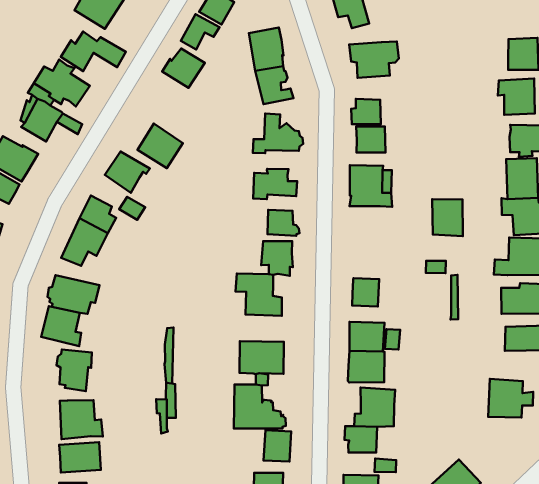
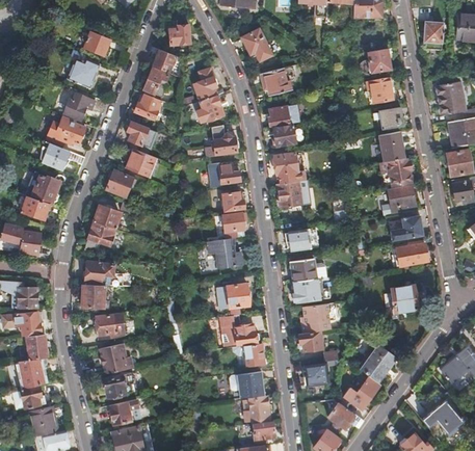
building: none -> [127,121,157,148]
building: [432,199,463,236] -> [276,180,301,207]

